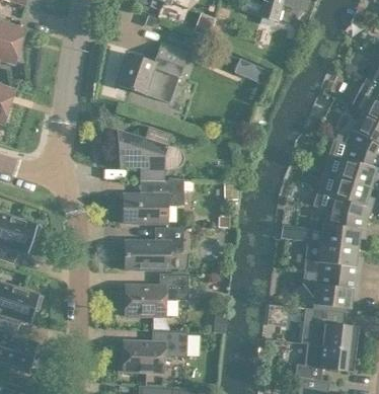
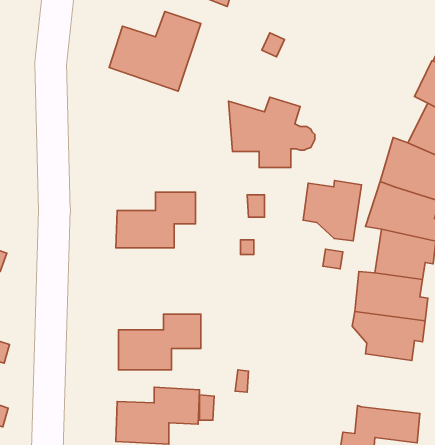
building: [117,126,182,179] -> [229,97,315,167]
building: none -> [303,181,362,241]
building: [125,226,182,268] -> none
building: [289,305,358,348] -> none

